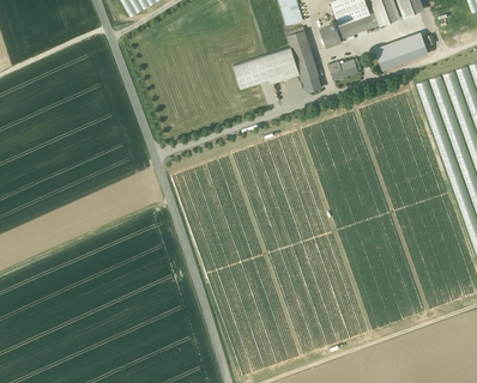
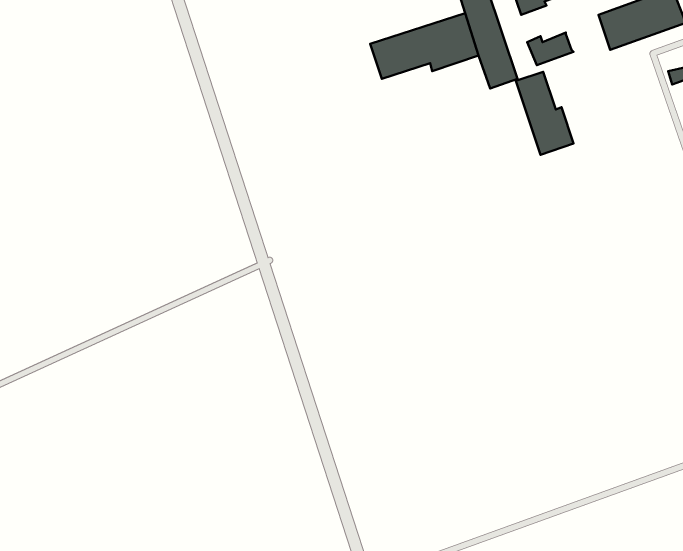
building: none -> [516,72,574,155]

